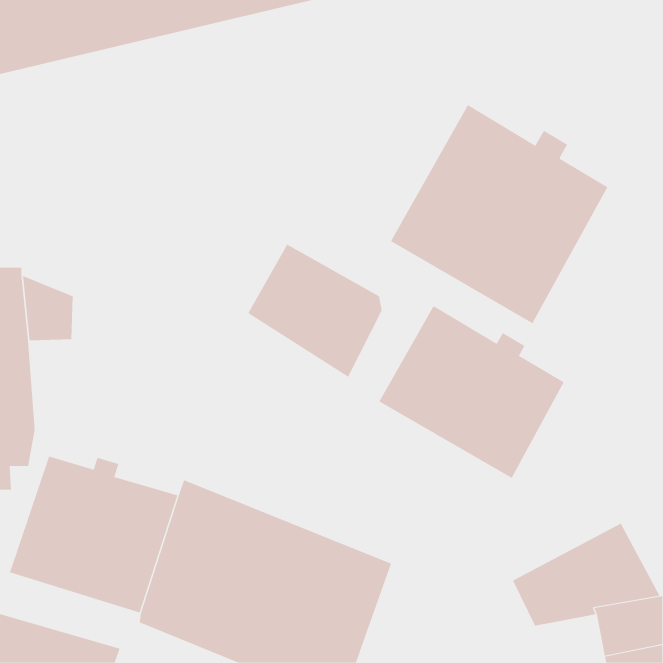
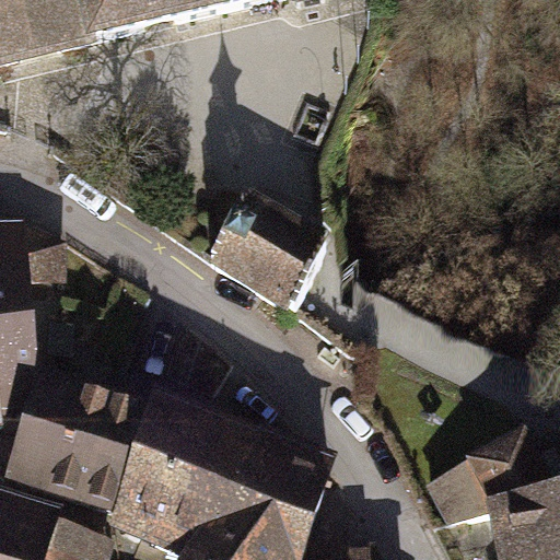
building: [390,104,608,324] -> none
building: [379,305,564,479] -> none

